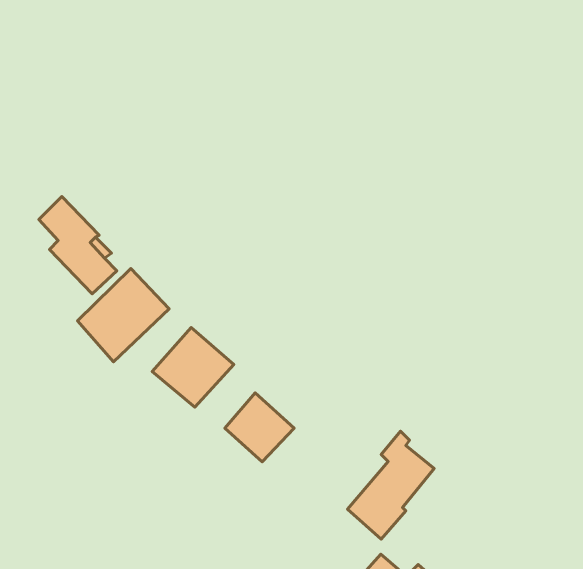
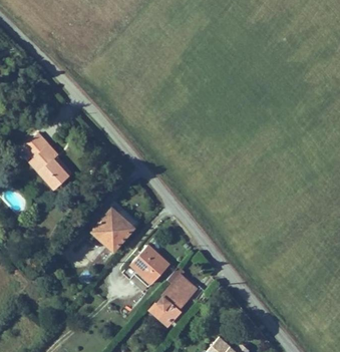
building: [77,268,169,362] -> none
building: [347,431,434,539] -> [148,268,198,329]

